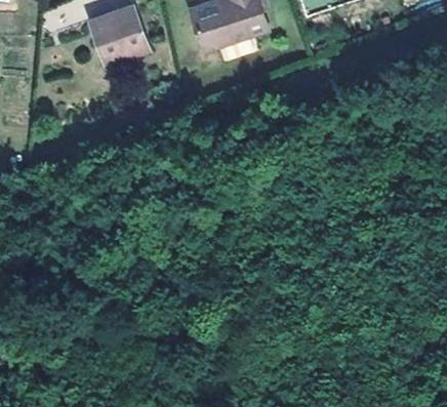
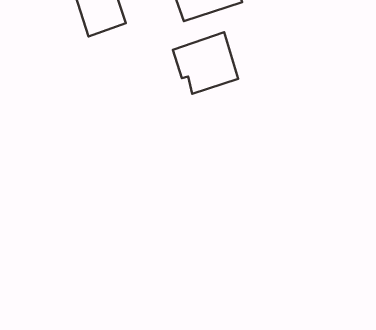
building: none -> [173,32,238,94]

